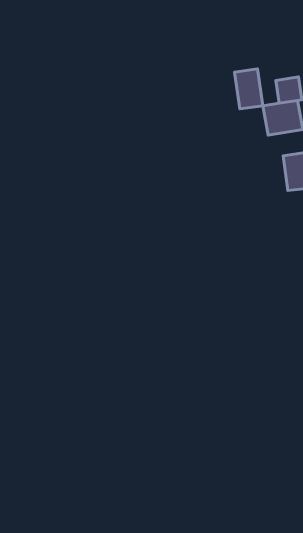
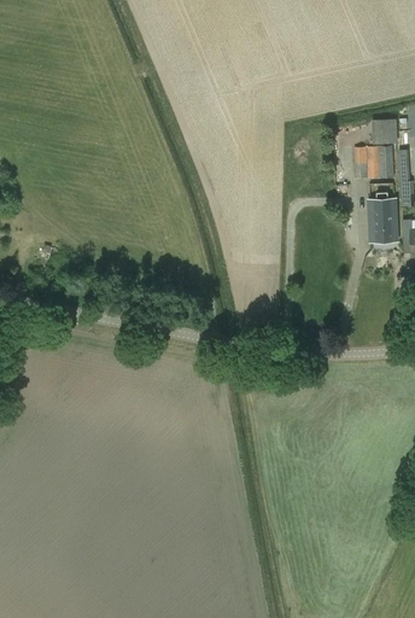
building: [234,69,263,109] -> none

